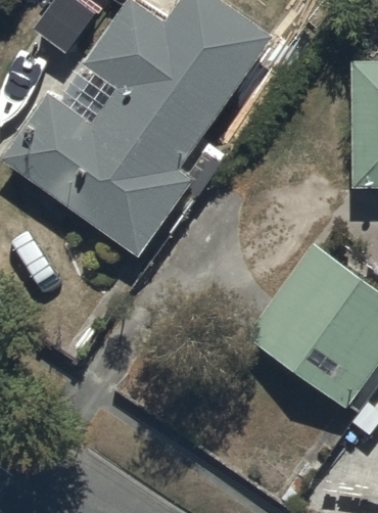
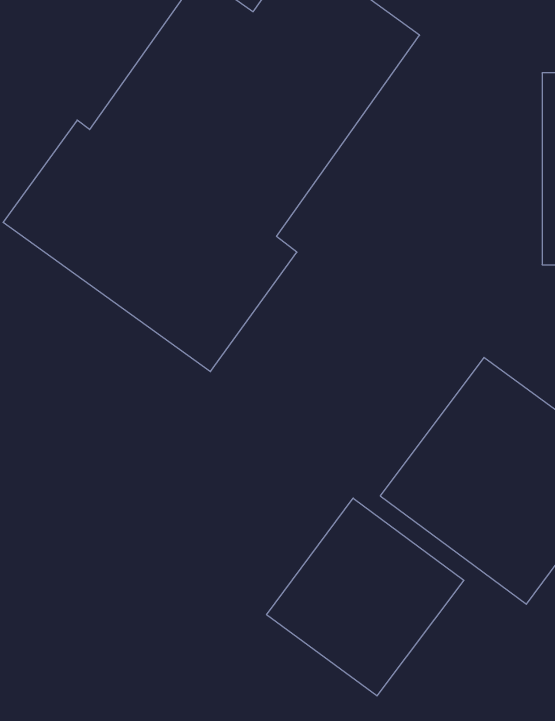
building: none -> [267,498,464,696]

